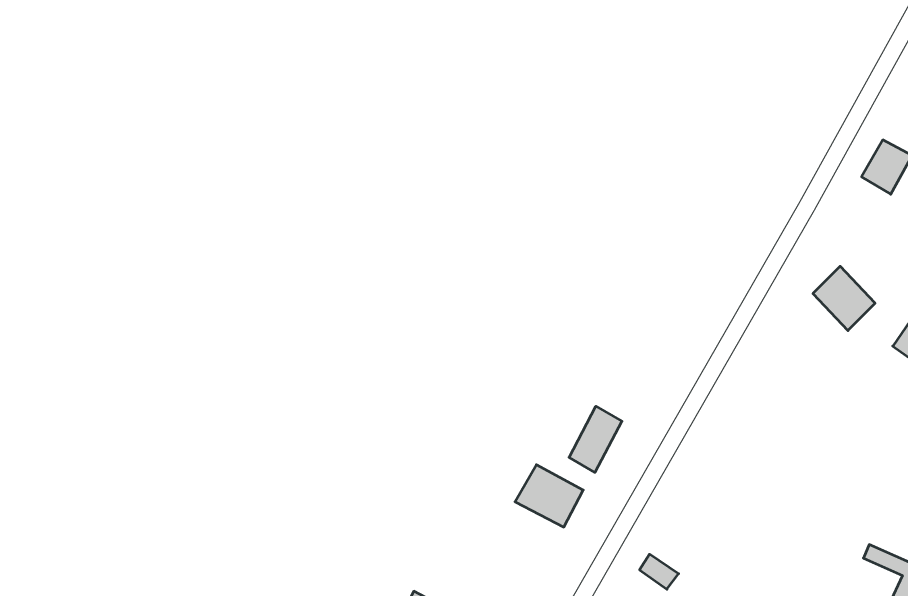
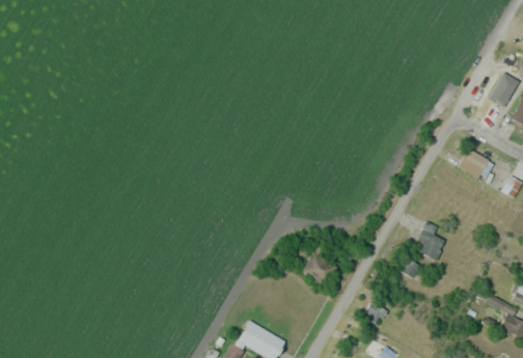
building: [569,406,622,472] -> none
building: none -> [414,222,445,259]

